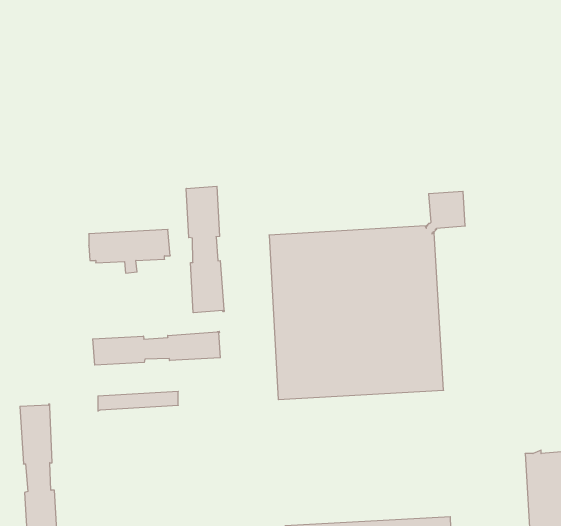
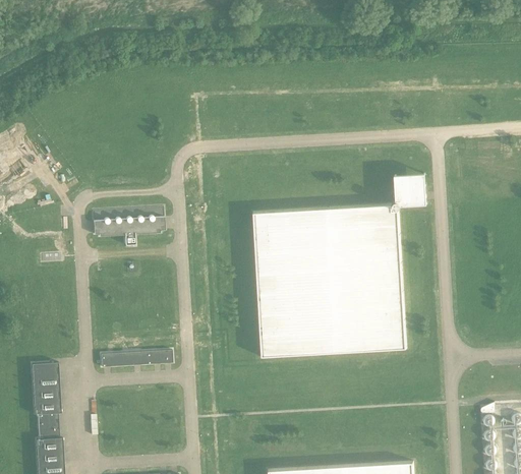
building: [186,186,224,313] -> none
building: [93,331,220,365] -> none

